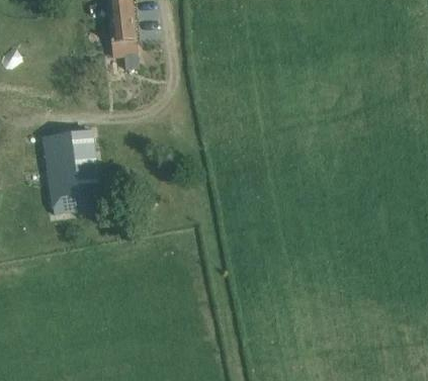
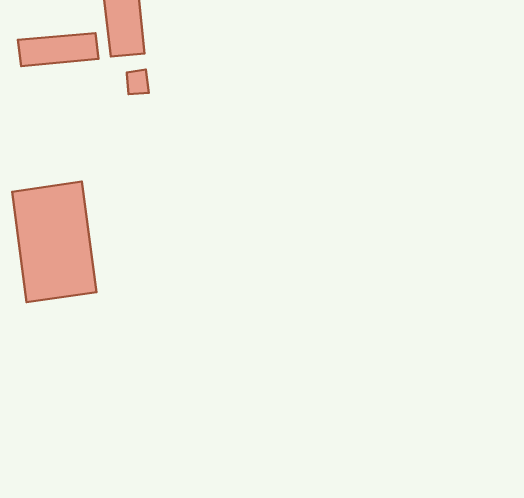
building: none -> [18,33,98,66]

